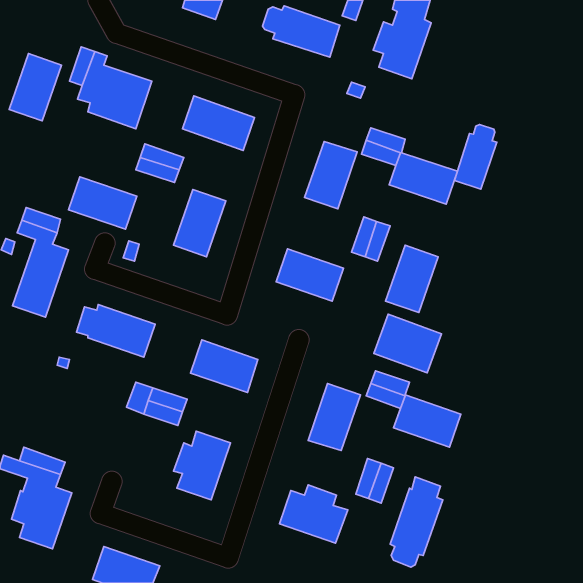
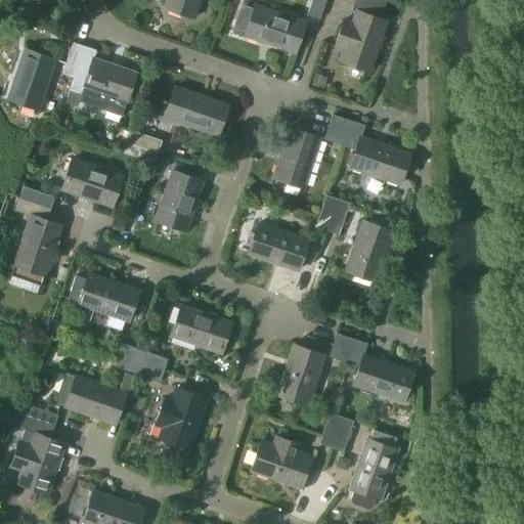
building: [455,124,497,189] -> none
building: [374,314,441,373] -> none
building: none -> [54,373,126,423]

